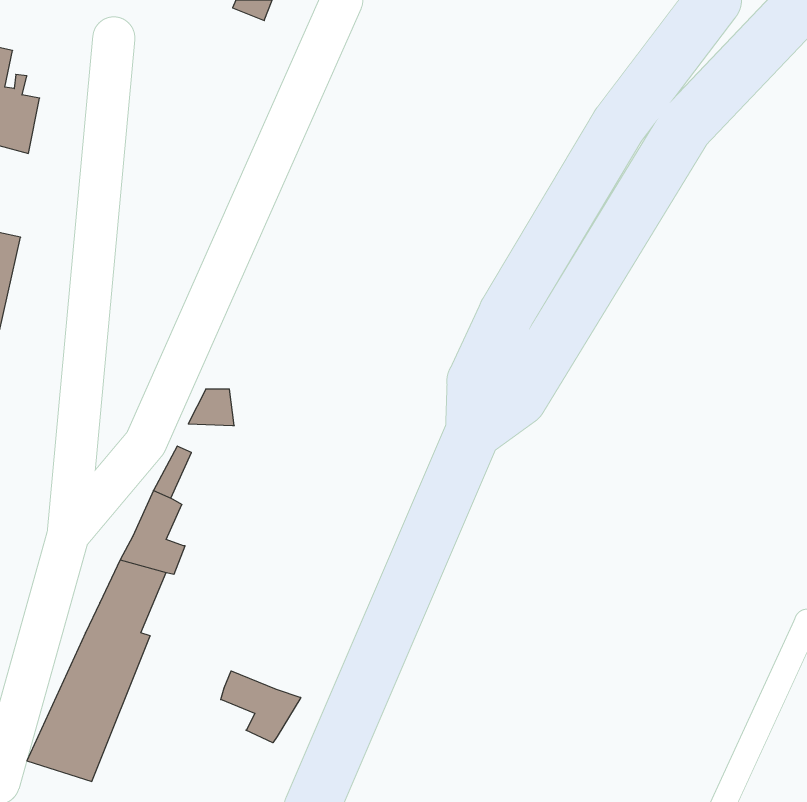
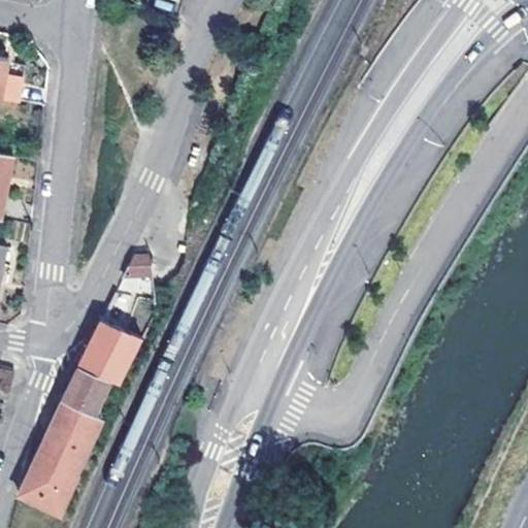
building: [221,671,301,743] -> none

